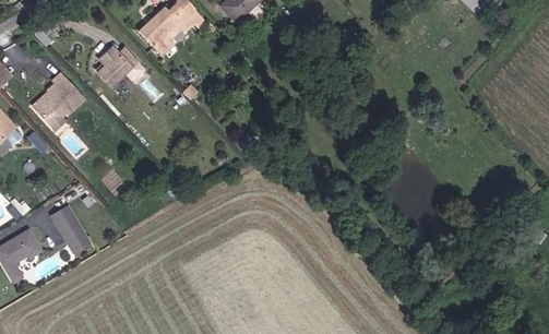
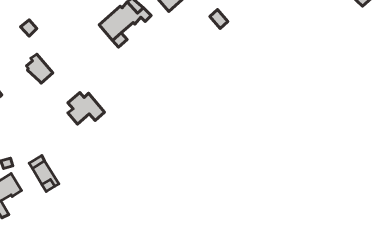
building: [100,47,147,87] -> [68,92,105,124]
building: [34,94,64,122] -> none

